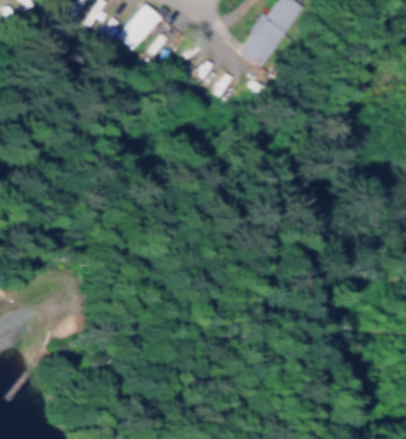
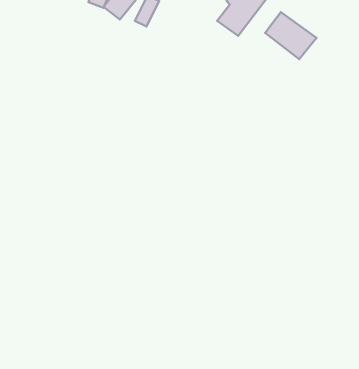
building: none -> [265,12,316,59]

